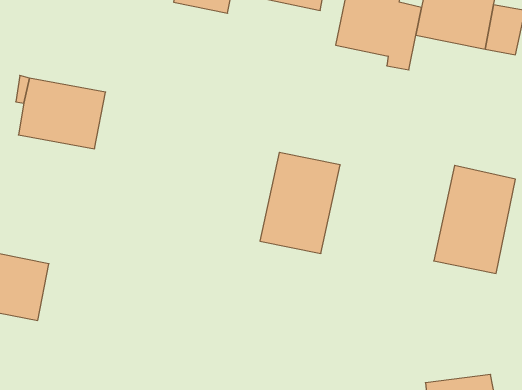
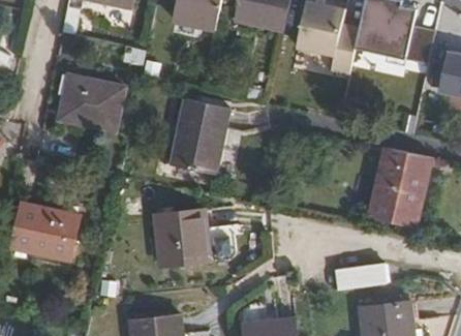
building: [260,152,340,253] -> [171,99,230,175]
building: none -> [156,209,213,266]
building: none -> [335,261,388,291]

